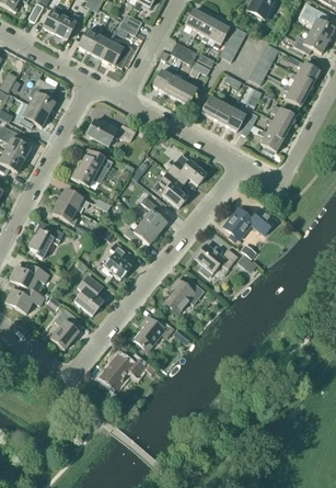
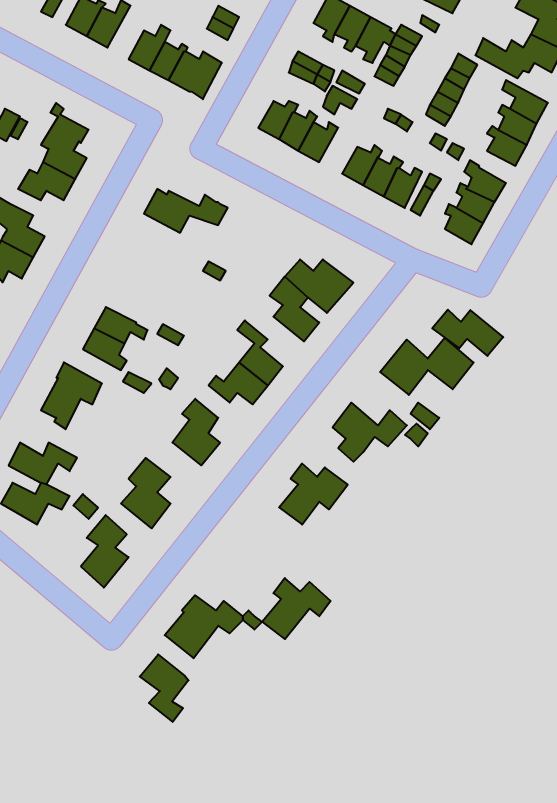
building: [72,148,113,186] -> none
building: none -> [432,310,503,356]
building: [135,315,174,350] -> [262,578,331,639]
building: none -> [140,654,189,722]

